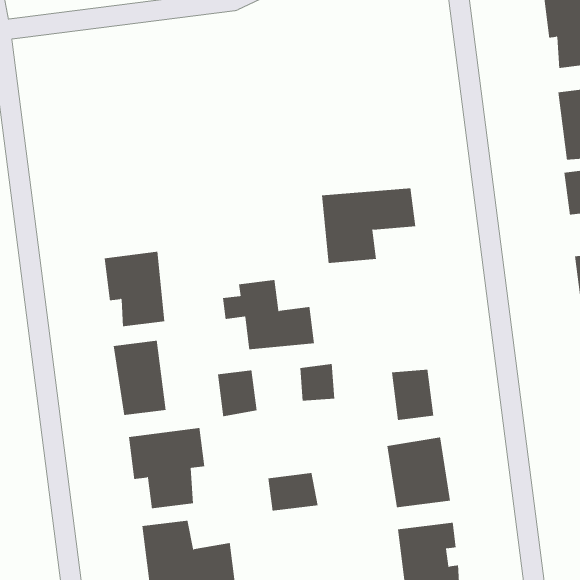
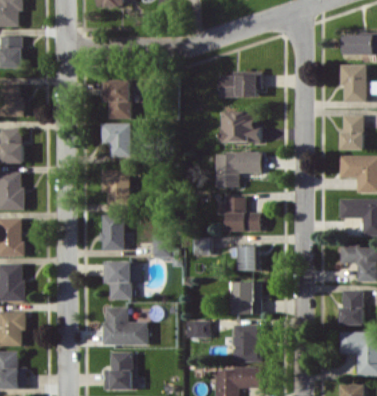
building: none -> [219,71,258,97]
building: none -> [100,79,131,118]
building: none -> [220,110,260,142]
building: none -> [101,123,130,157]
building: [222,279,315,350] -> [216,196,260,231]
building: [268,473,318,511] -> [185,320,209,337]

